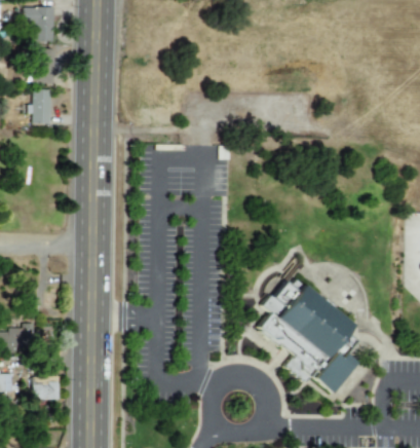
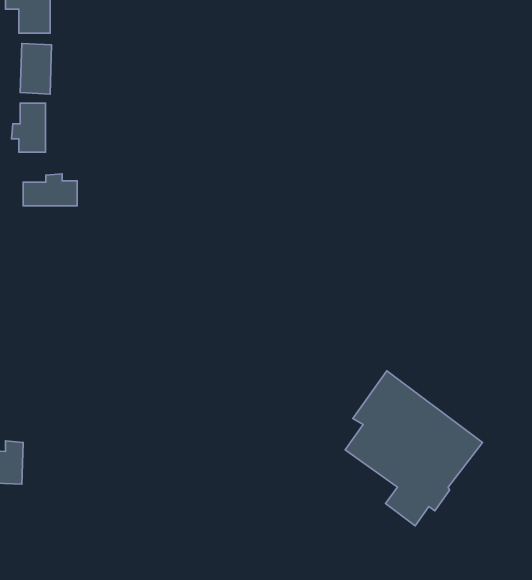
building: none -> [23,174,77,206]
building: [313,354,356,395] -> none
building: [34,377,61,401] -> none

